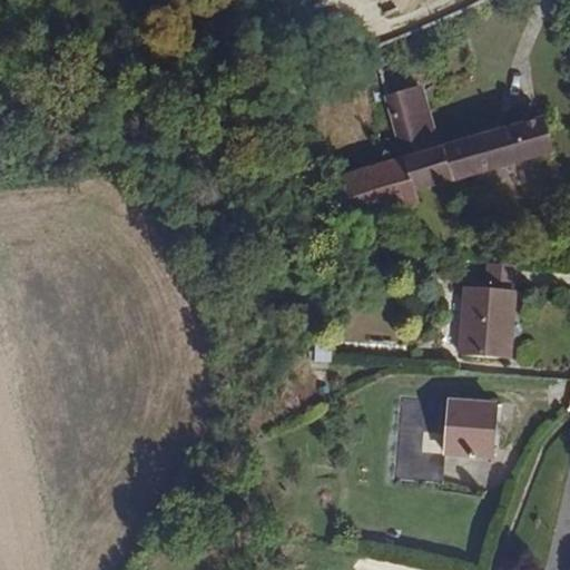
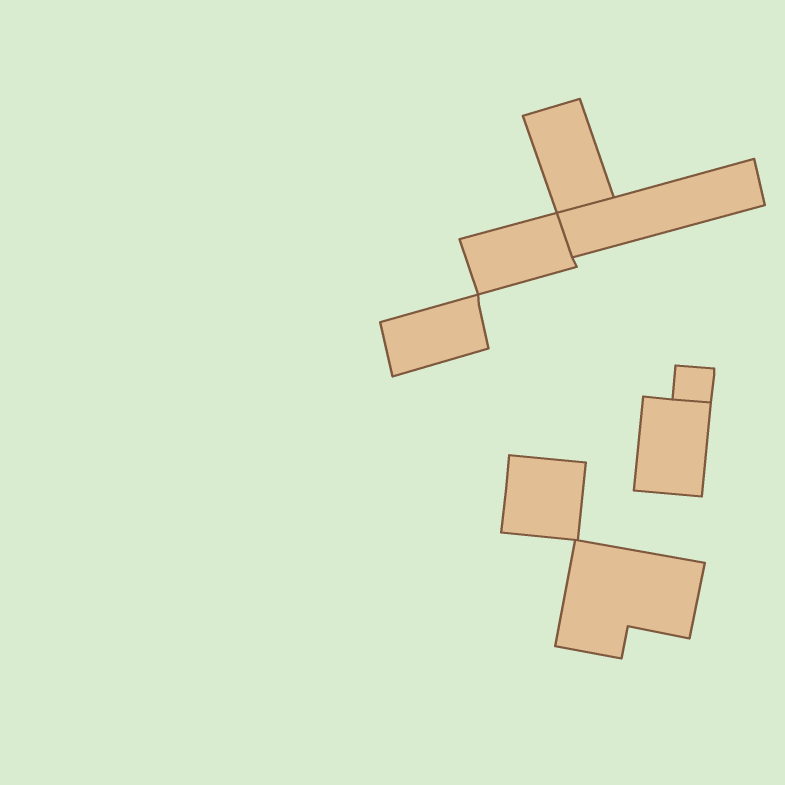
building: none -> [380,295,488,377]
building: none -> [501,455,586,540]

